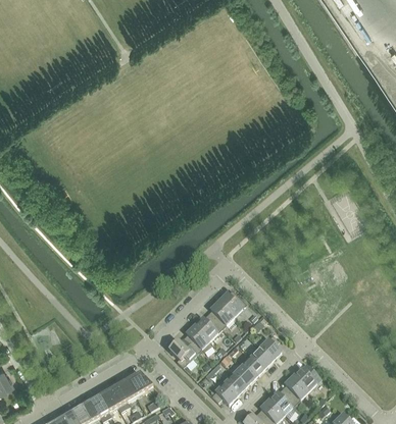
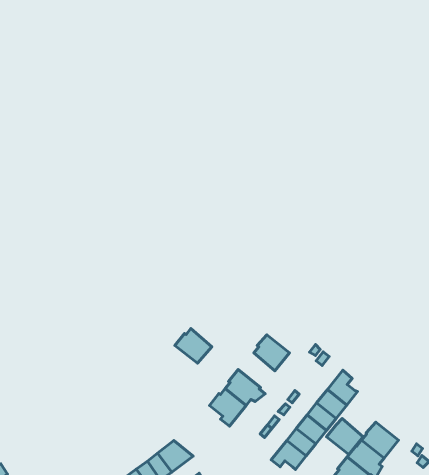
building: [217,289,245,317] -> none
building: [193,314,220,340] -> [175,329,212,363]
building: [292,364,319,391] -> [326,419,363,455]

